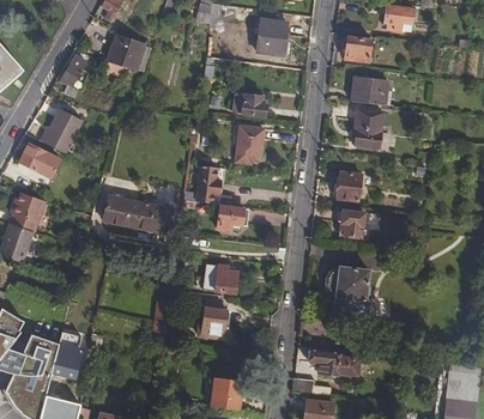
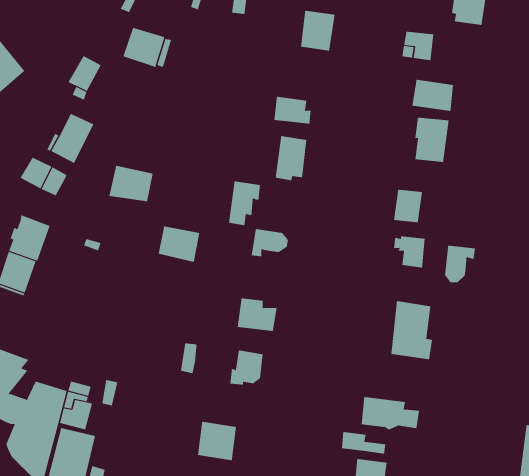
building: [102,194,140,225] -> [109,165,154,202]
building: none -> [445,245,475,283]
building: [210,375,243,408] -> [197,421,237,461]

